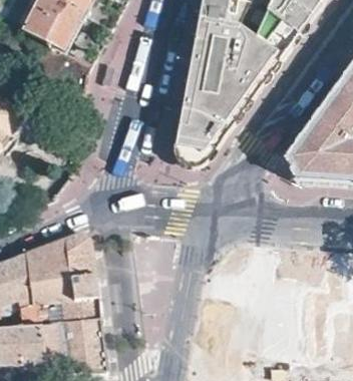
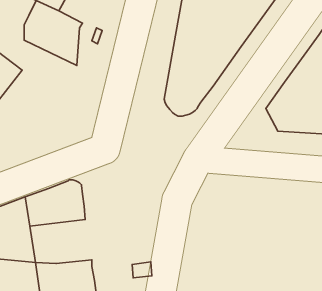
building: [33,272,99,319] -> none

